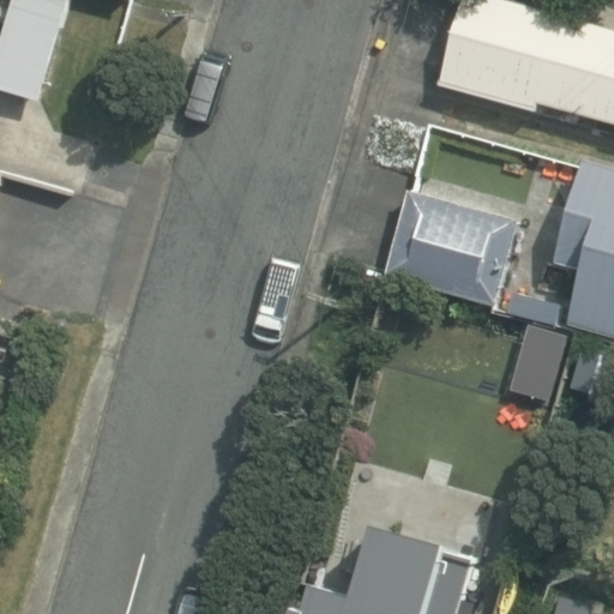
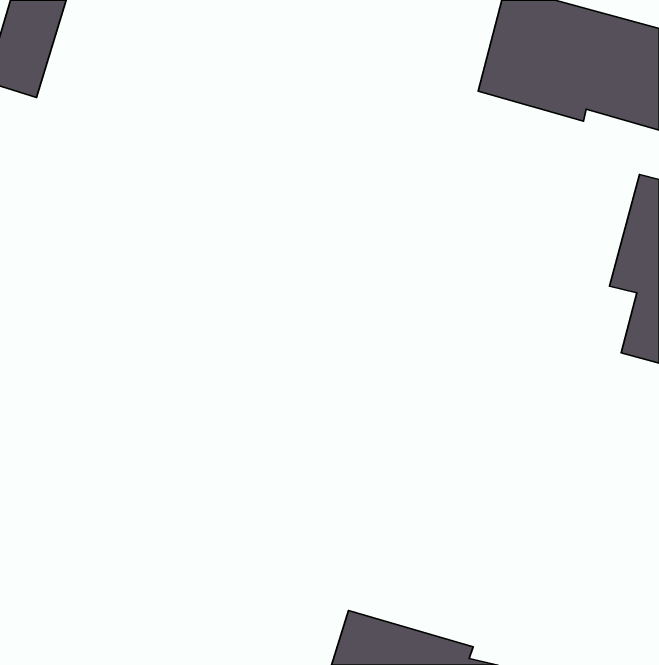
building: [386,185,524,308] -> none

